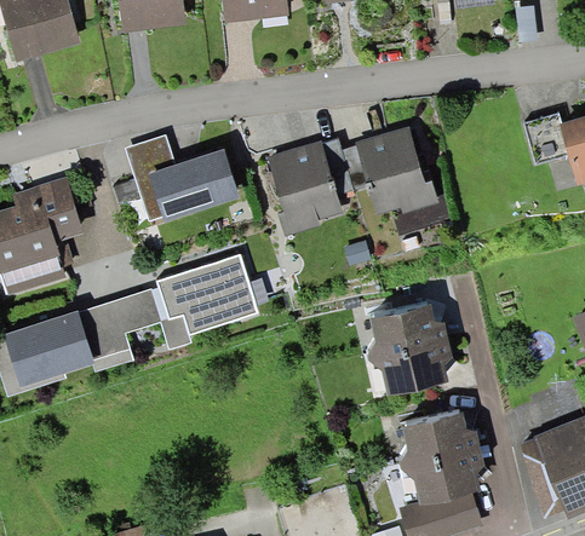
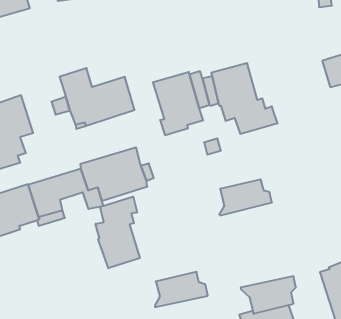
building: none -> [96,197,140,268]
building: [368,338,452,396] -> none
building: [400,413,480,466] -> [155,272,208,307]

